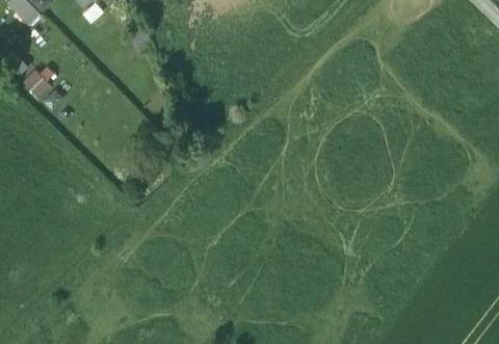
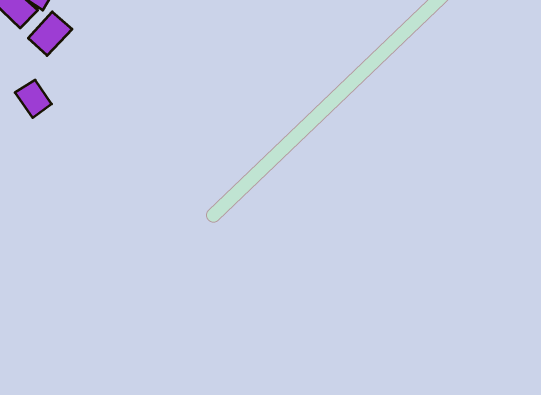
building: none -> [28,12,72,56]

